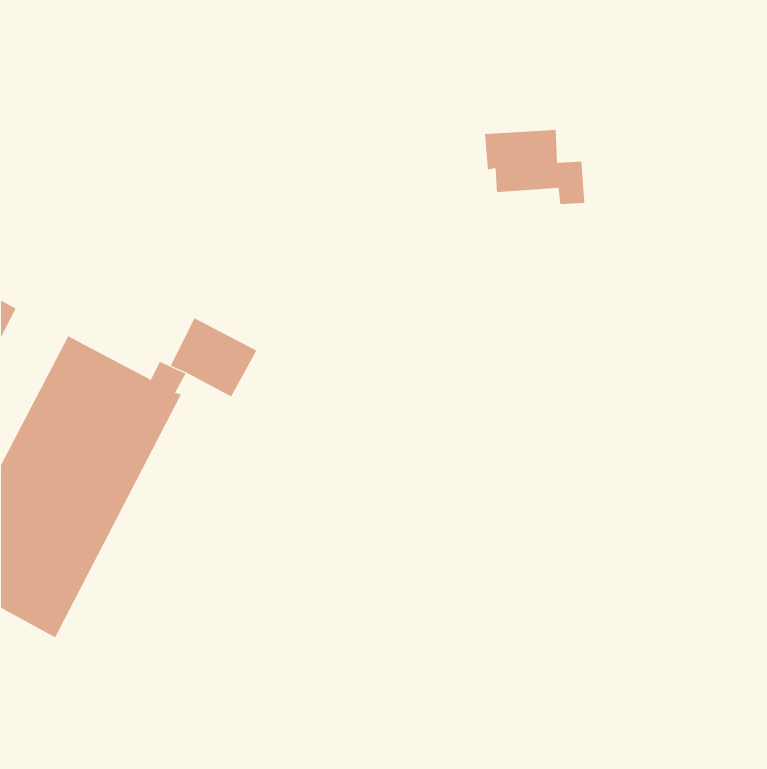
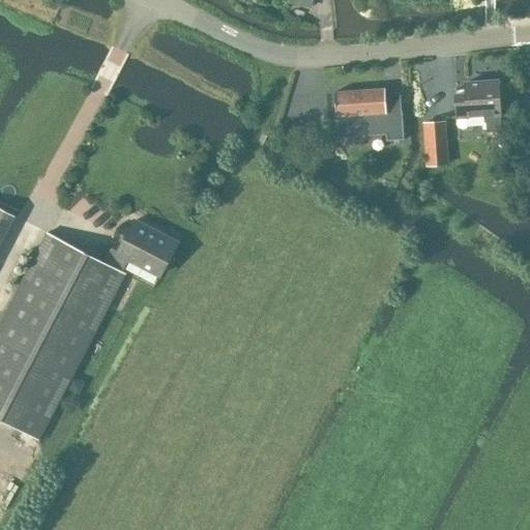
building: none -> [455,81,501,132]
building: none -> [423,122,447,166]

